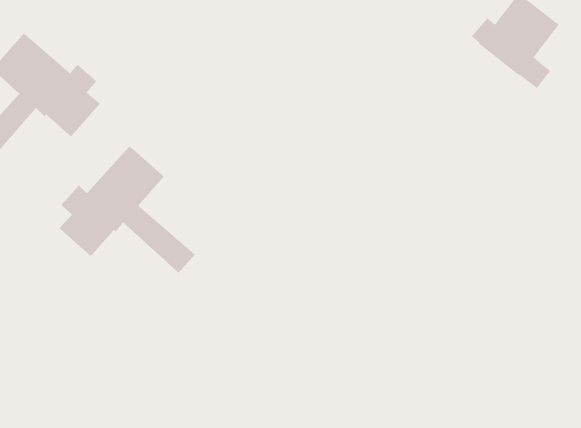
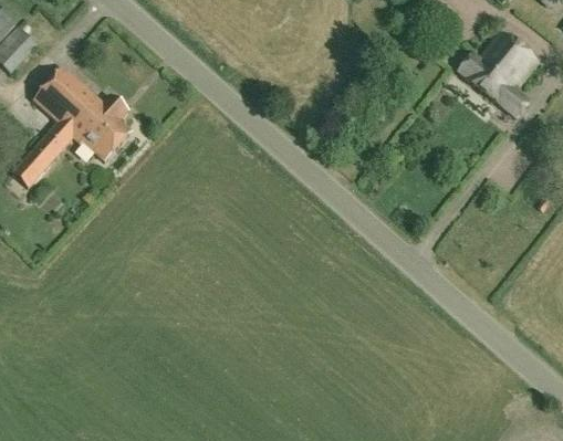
building: [58,146,196,273] -> none

